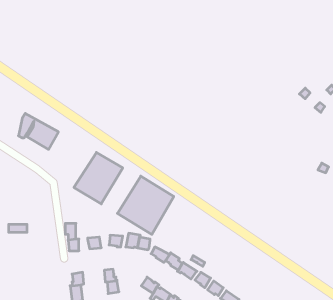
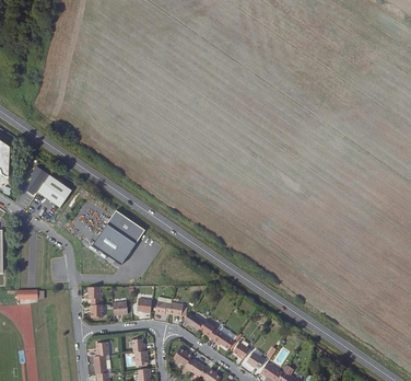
building: [117,176,174,234] -> none

